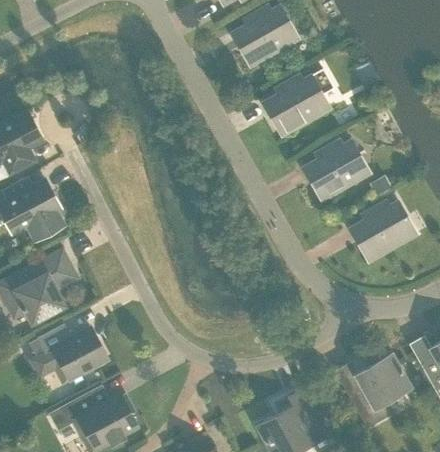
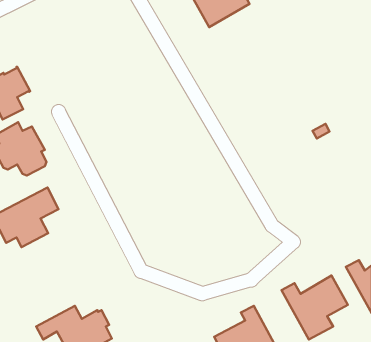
building: [263,68,332,134] -> none
building: [303,139,369,199] -> none
building: [350,200,416,260] -> none
building: [27,324,107,383] -> none

